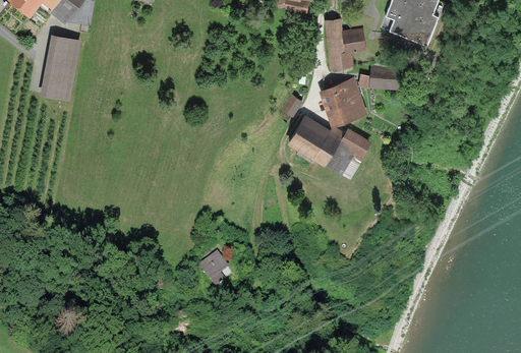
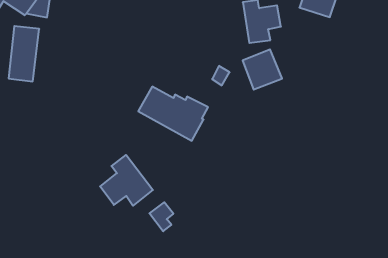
building: [358,65,402,89] -> none
building: [287,114,370,181] -> [138,87,208,141]
building: none -> [100,155,153,206]

